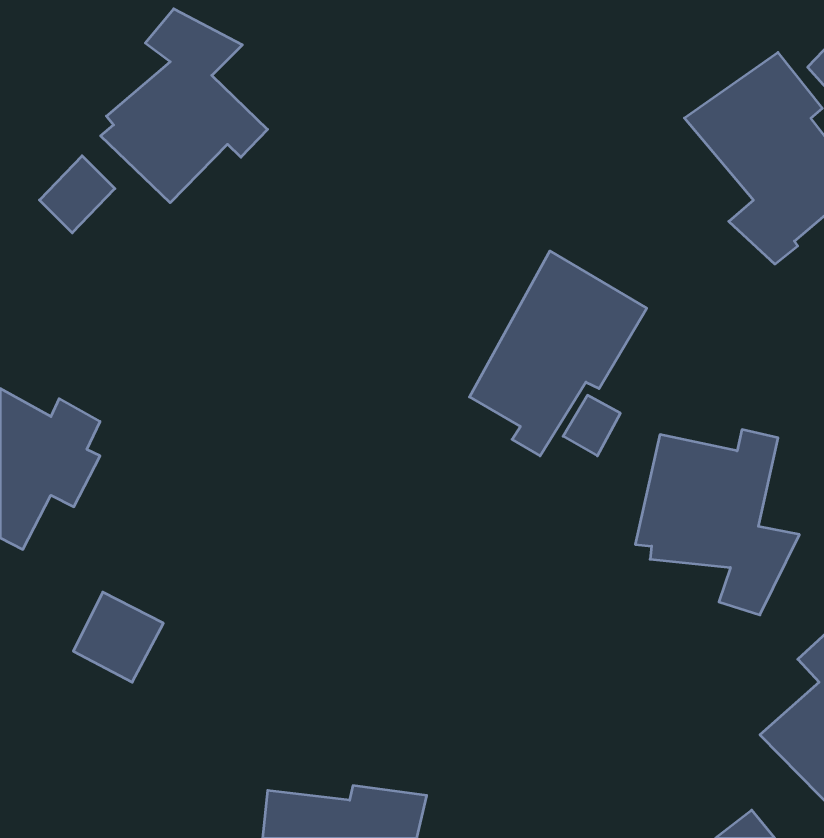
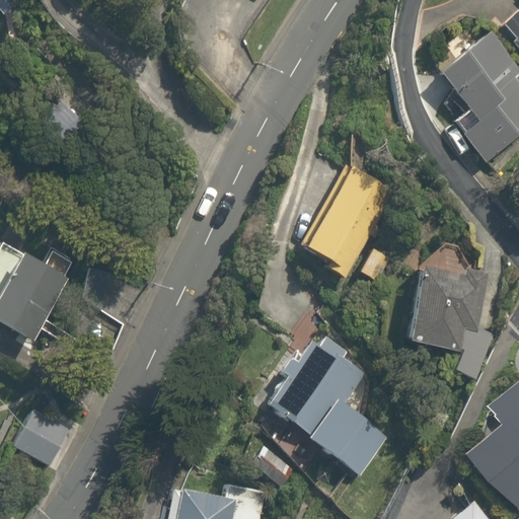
building: [101,9,268,203] -> none
building: none -> [261,340,388,477]
building: [73,592,163,682] -> [17,410,73,465]

